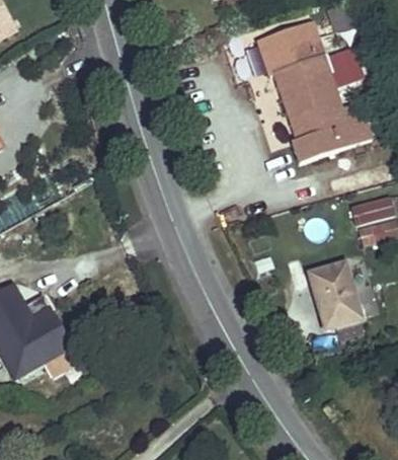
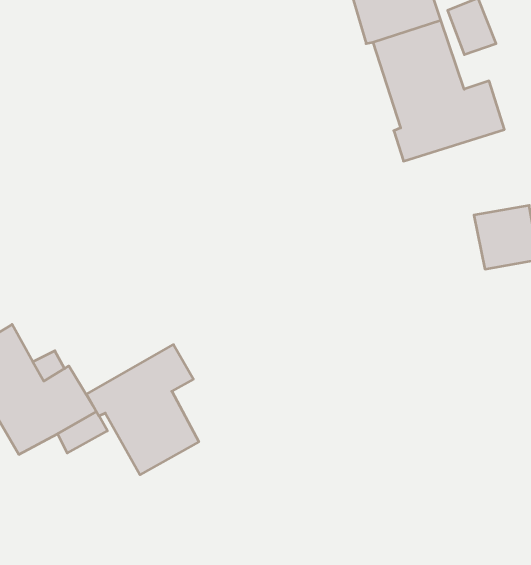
building: [310,262,362,330] -> none
building: none -> [87,345,199,475]

